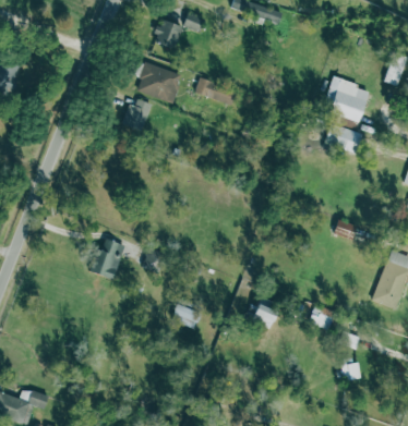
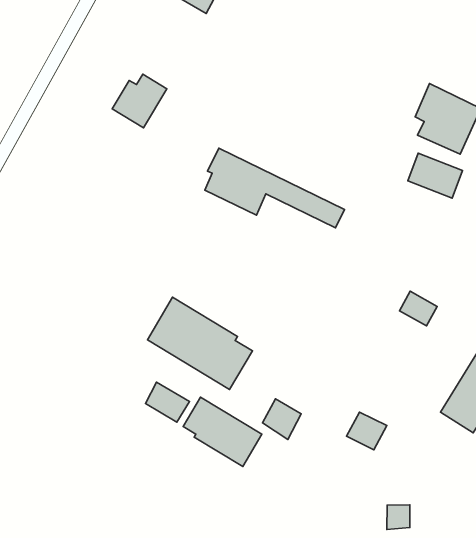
building: [140,62,236,105] -> [205,148,345,228]
building: [91,240,124,279] -> none
building: none -> [147,297,252,390]
building: none -> [183,397,262,467]

